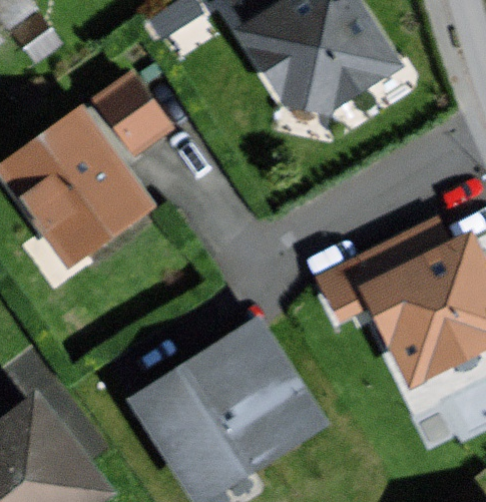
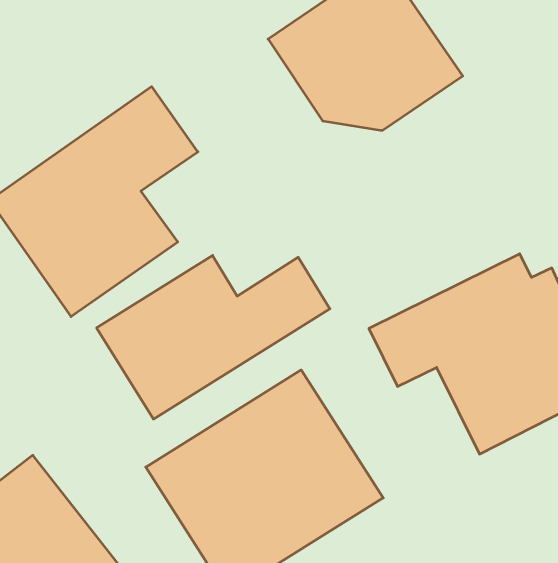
building: none -> [97,255,330,419]

